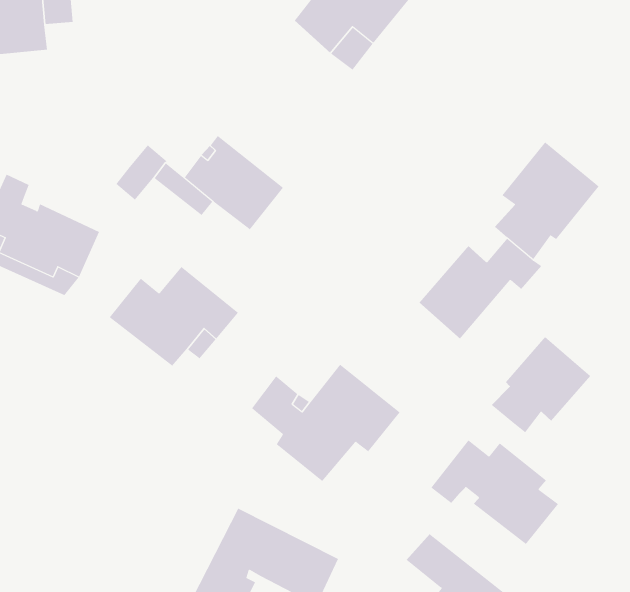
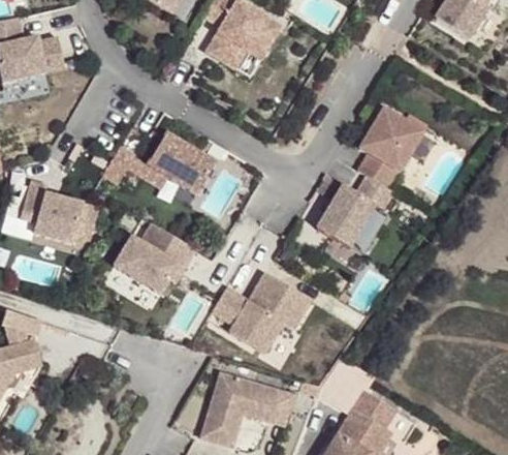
building: [491,336,591,433] -> none
building: [430,440,559,545] -> none

